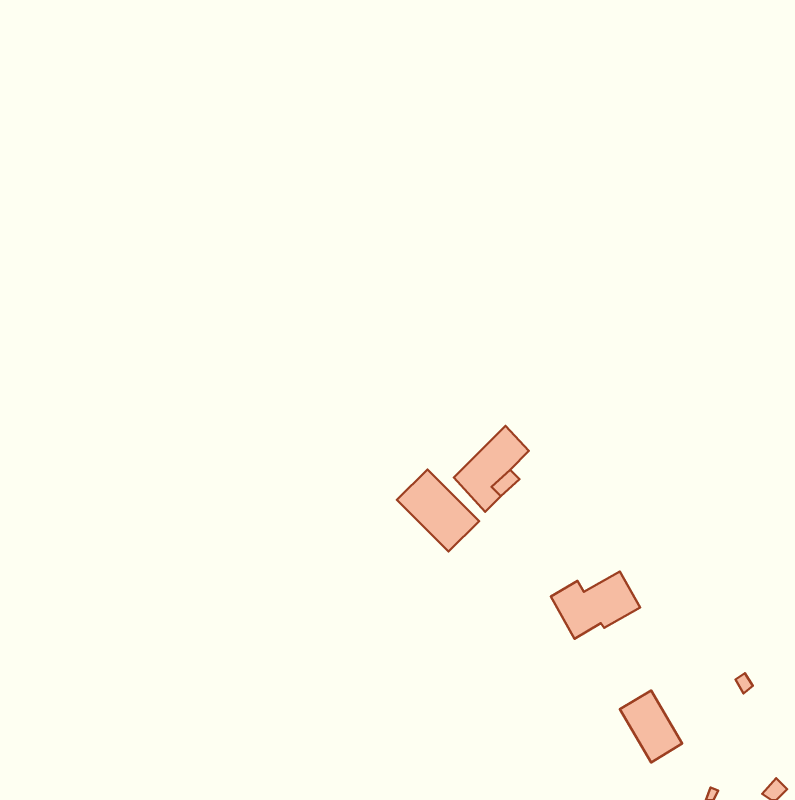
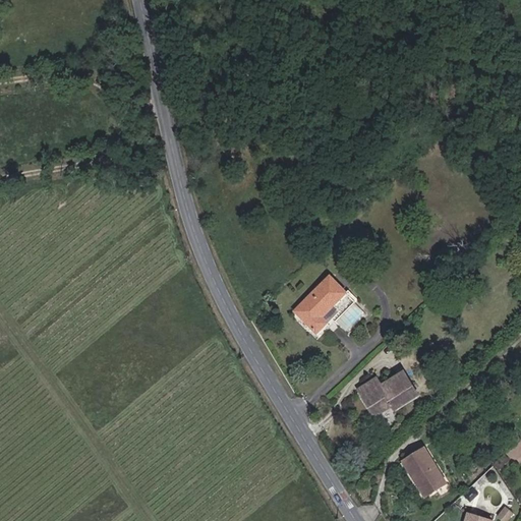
building: [397,470,479,551] -> none

